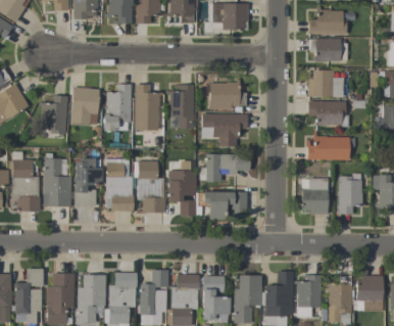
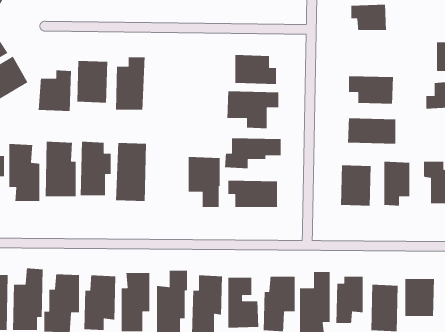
building: [310,69,344,97] -> none
building: [135,84,160,131] -> none
building: [169,86,195,129] -> none
building: [138,160,164,213] -> none

